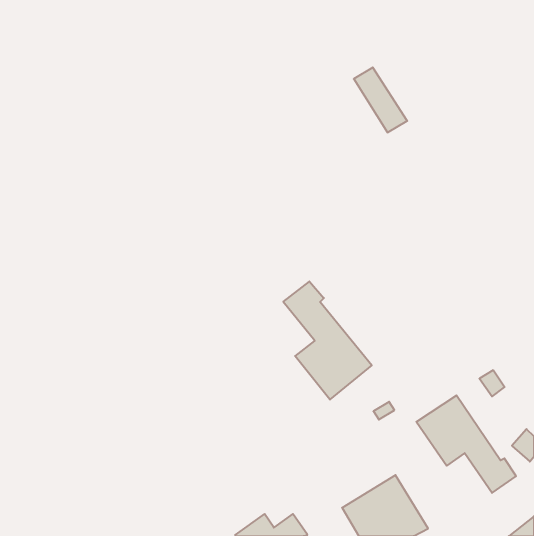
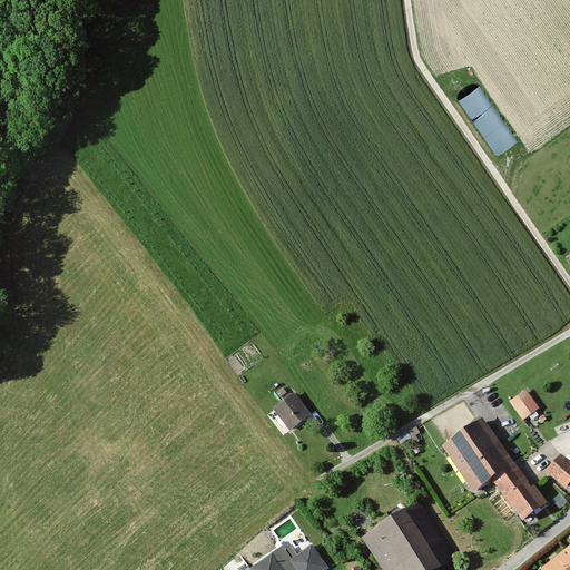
building: [354,67,407,132] -> [459,82,515,151]
building: [283,281,372,400] -> none
building: none -> [273,394,309,432]

